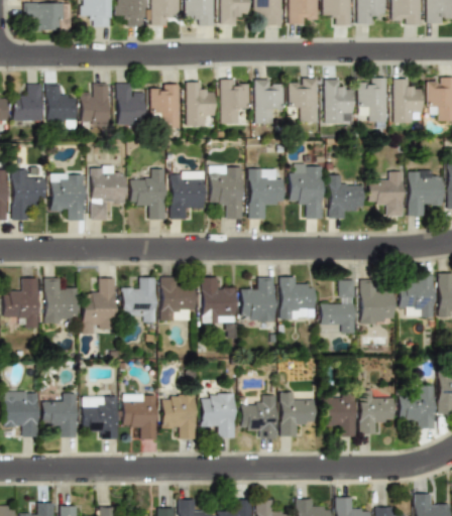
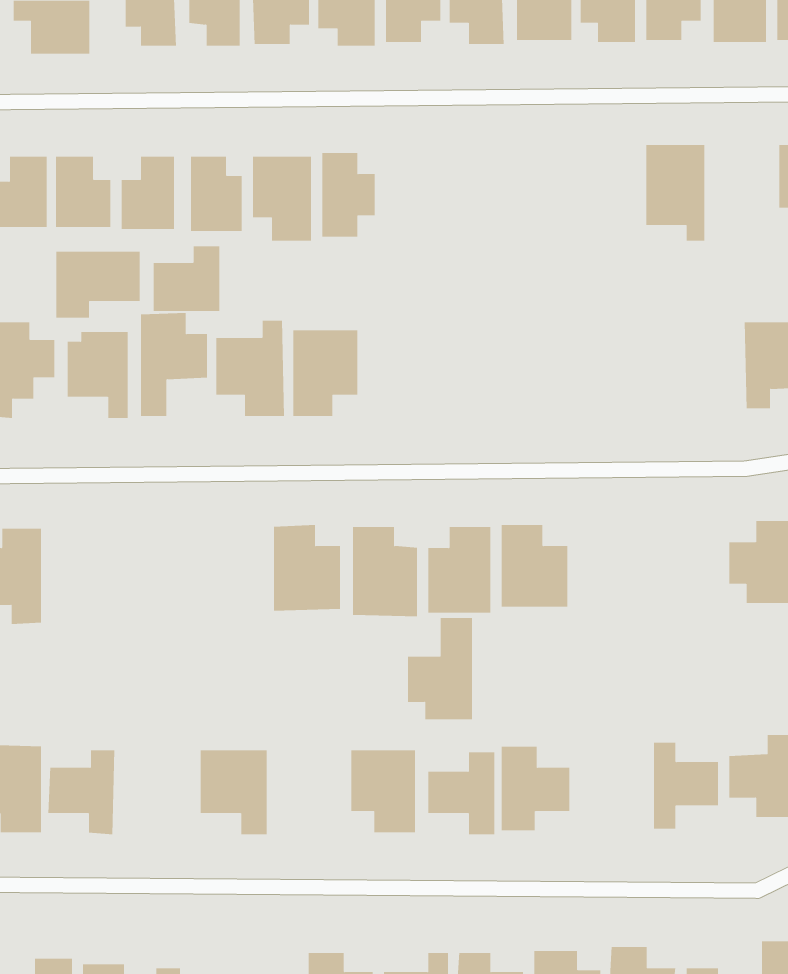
building: [289,78,318,122] -> none
building: [220,79,250,124] -> none
building: [255,79,285,123] -> none
building: [324,79,353,123] -> none
building: [392,79,422,124] -> none
building: none -> [153,246,220,312]
building: none -> [56,251,140,319]
building: [290,163,323,219] -> none
building: [210,167,244,219] -> none
building: [249,169,285,219] -> none
building: [368,171,405,216] -> none
building: [329,175,364,219] -> none
building: [123,277,158,322] -> none
building: [45,278,79,324] -> none
building: [83,278,117,334] -> none
building: [322,280,356,334] -> [407,618,473,720]
building: [361,280,394,325] -> none
building: [322,394,356,437] -> none
building: [162,395,198,439] -> none
building: [84,396,120,439] -> none

